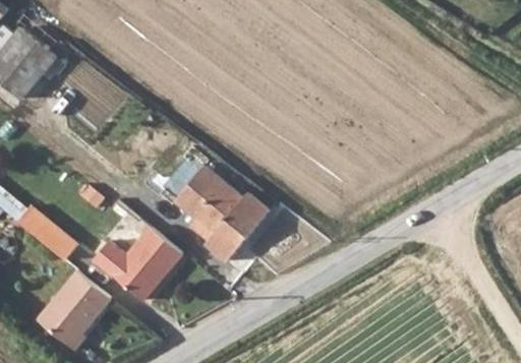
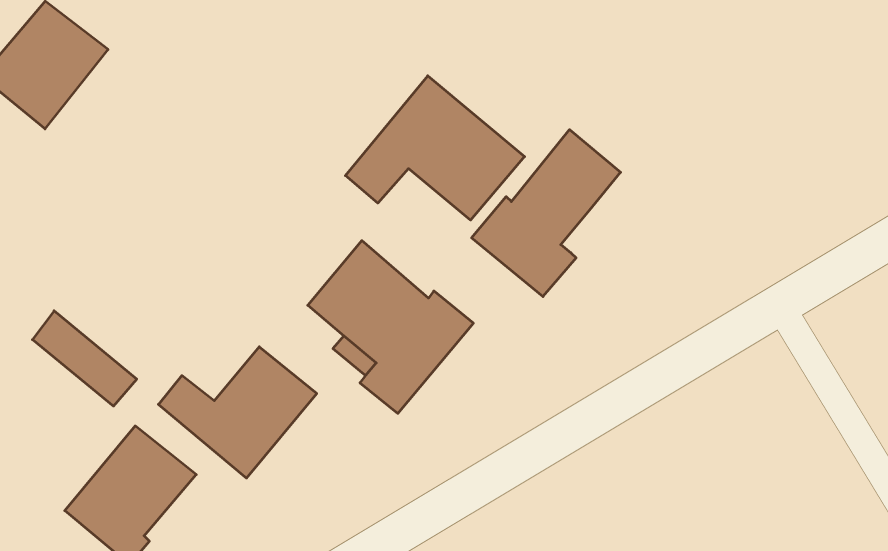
building: none -> [345,76,525,220]
building: none -> [472,130,621,297]

